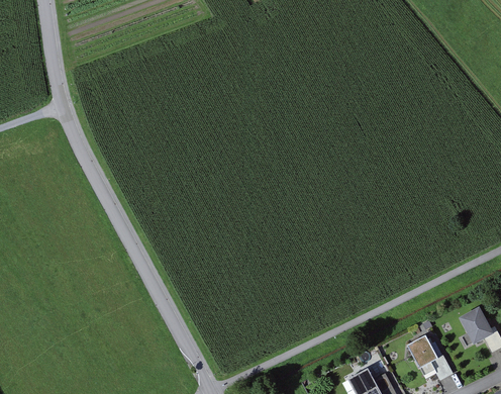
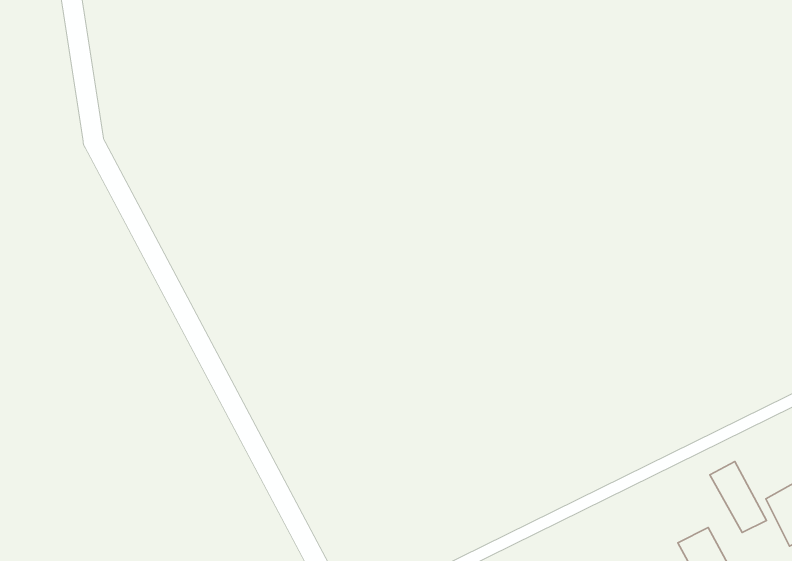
building: none -> [710,461,766,533]

